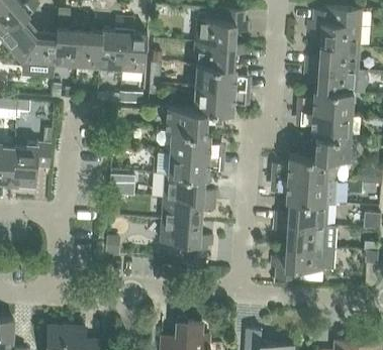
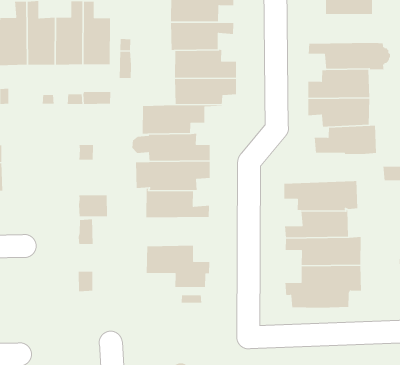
building: [304,44,358,70] -> none
building: [276,154,341,180] -> none
building: [162,198,214,222] -> none

